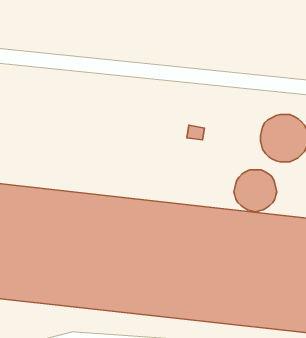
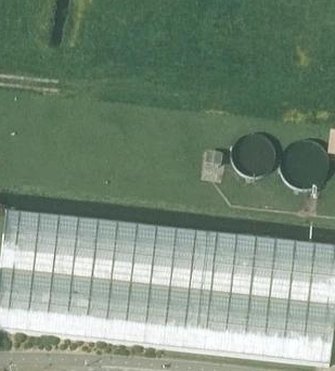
building: [234,170,277,212] -> [231,132,275,176]

